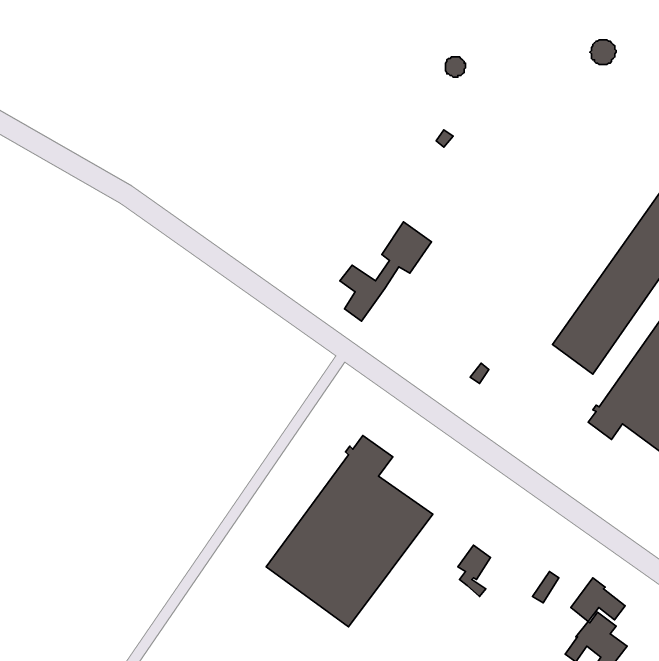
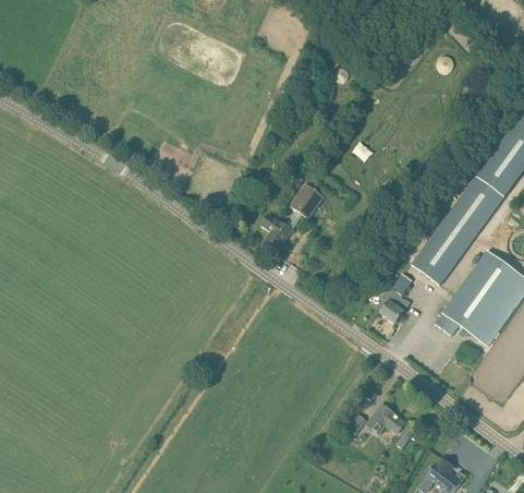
building: none -> [380,273,412,322]
building: [266,436,433,627] -> none
building: [571,578,625,621] -> [366,402,404,433]

